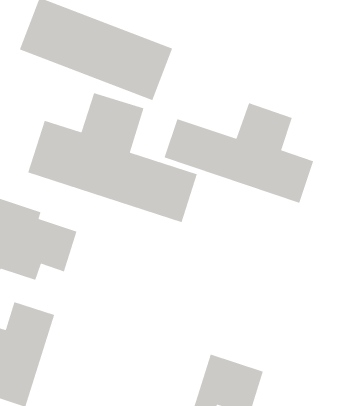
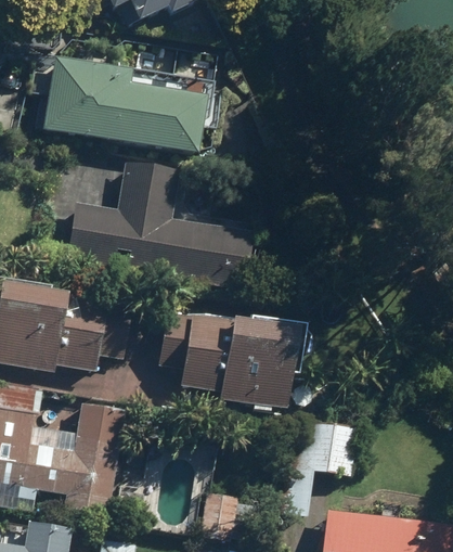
building: [163,102,314,204] -> none
building: none -> [157,310,308,412]

